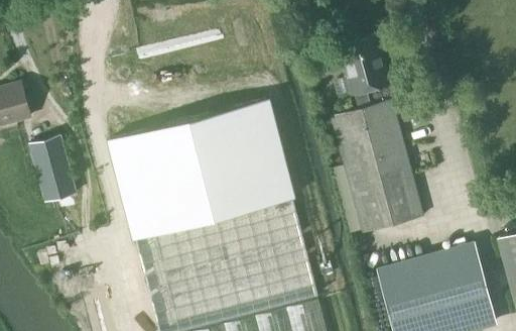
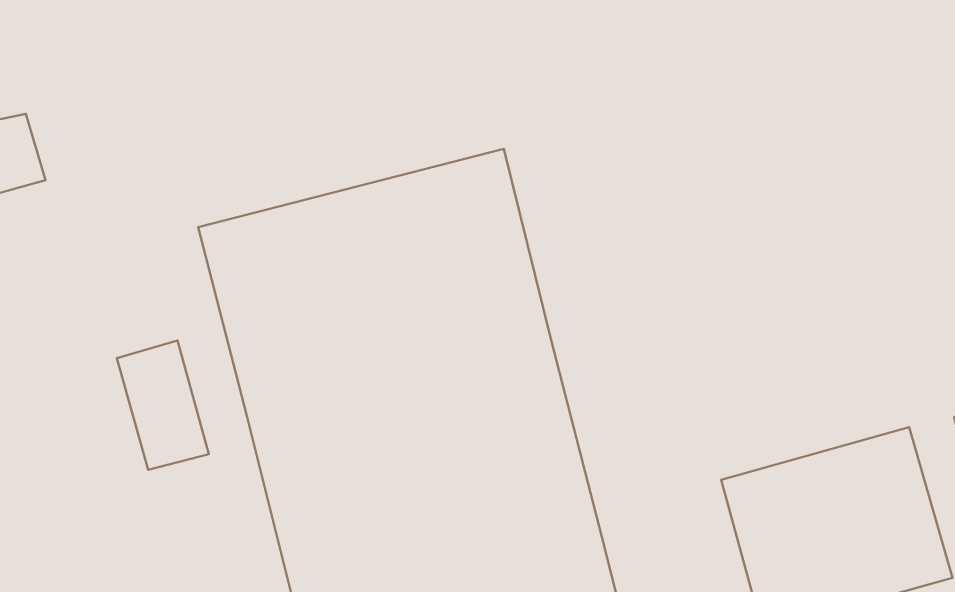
building: [333,36,424,232] -> none
building: [30,135,78,202] -> [117,340,209,470]

